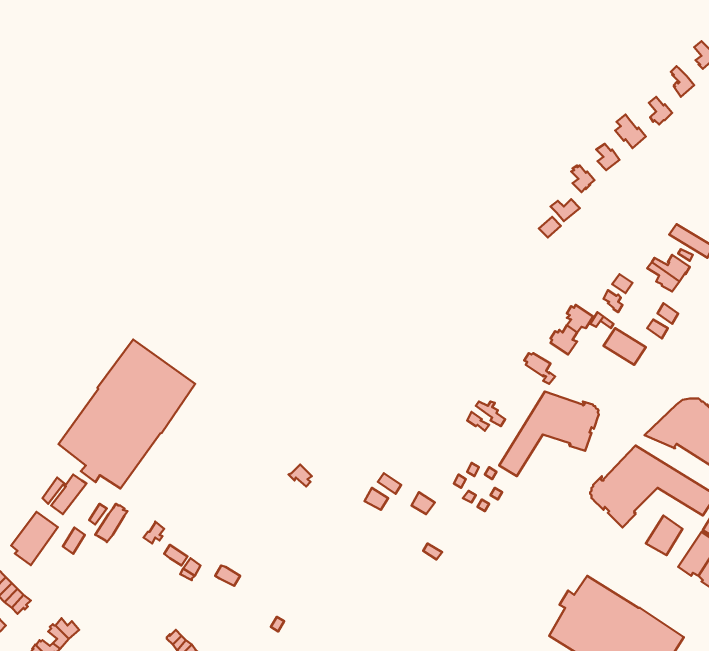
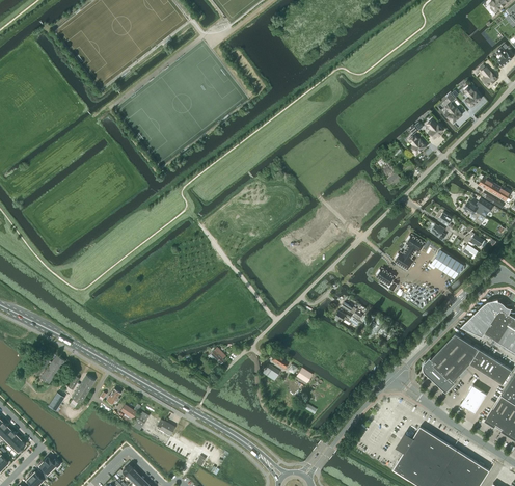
building: [58,340,195,489] -> none
building: [499,392,599,476] -> none
building: [11,512,58,565] -> none

